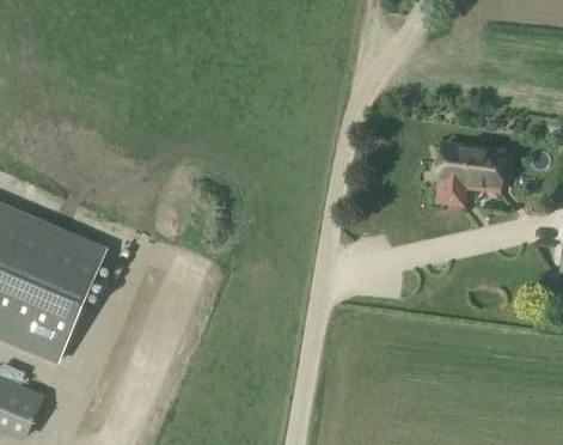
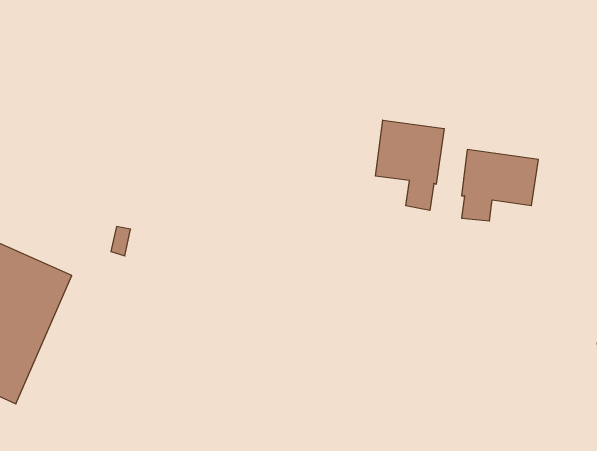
building: none -> [376,120,444,210]

